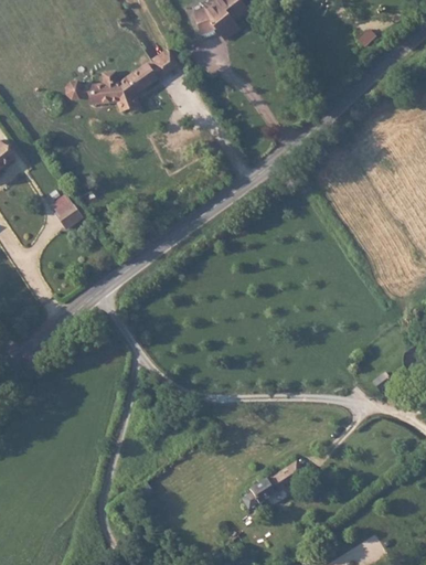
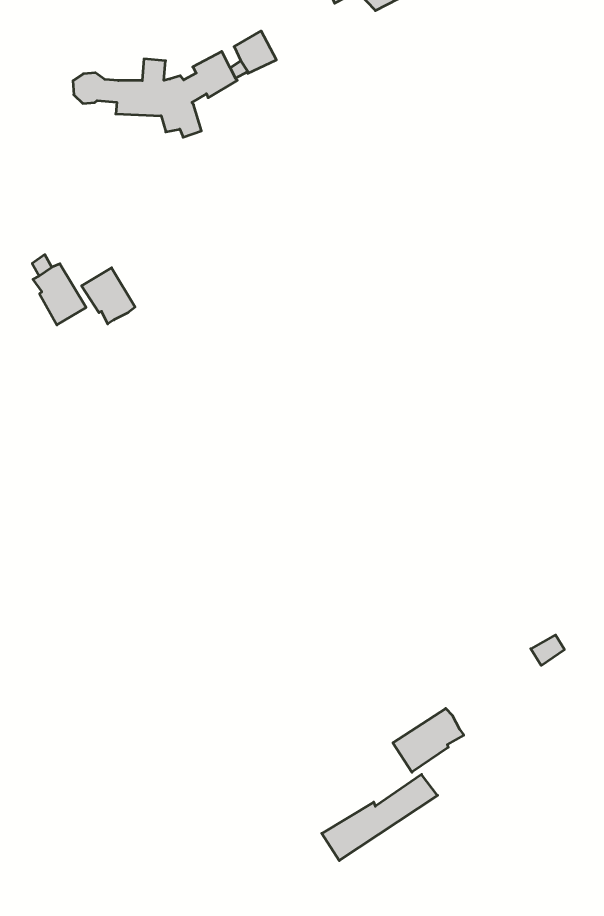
building: none -> [82,268,135,324]
building: none -> [393,708,464,772]

